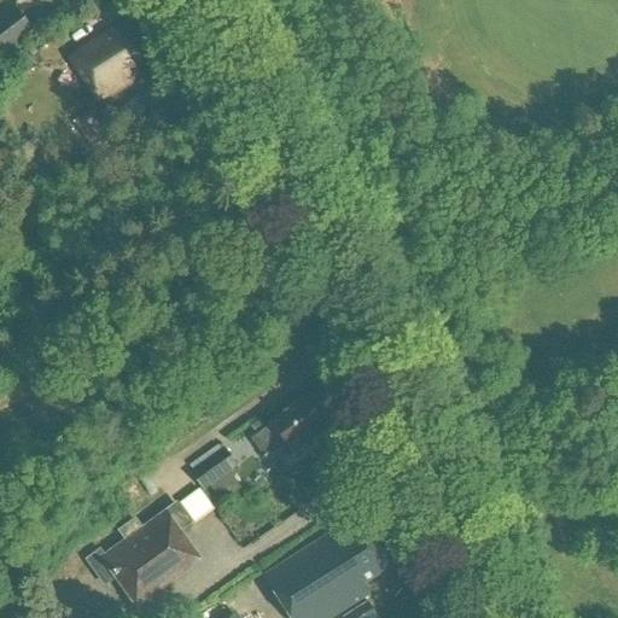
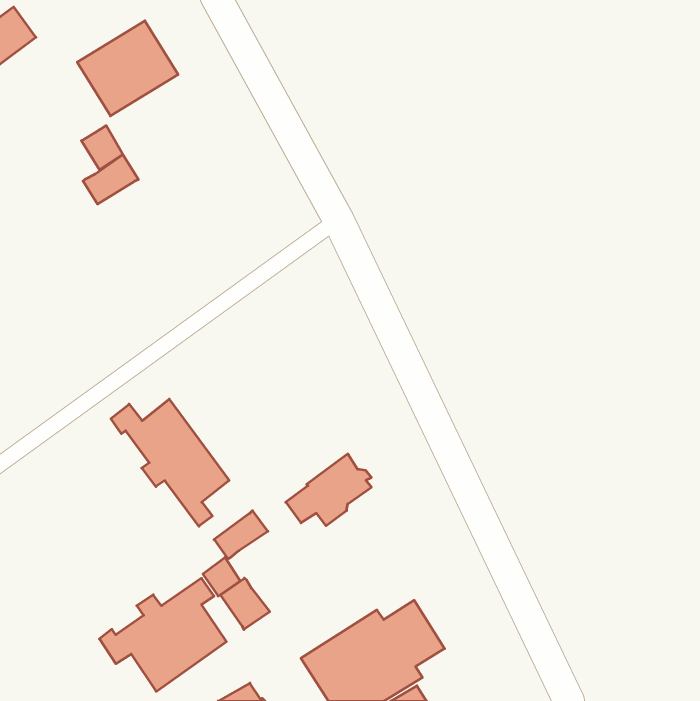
building: none -> [83,155,138,204]
building: none -> [111,399,229,526]
building: none -> [221,578,270,630]

